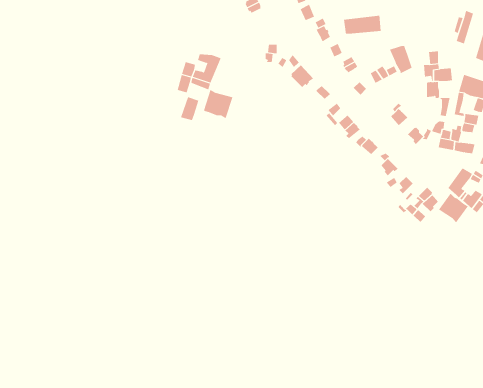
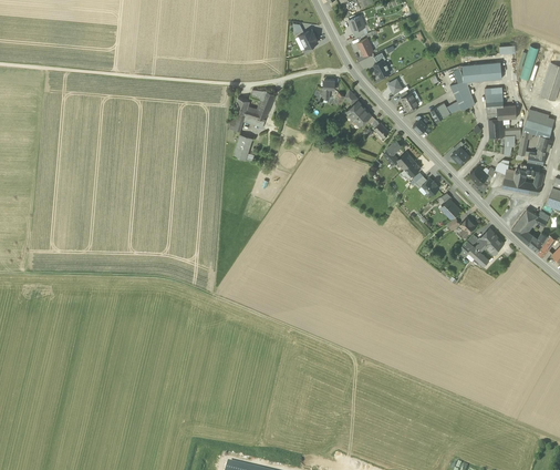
building: [343,15,381,34] -> [462,61,501,81]
building: [203,89,233,119] -> none
building: [438,193,469,223] -> none

